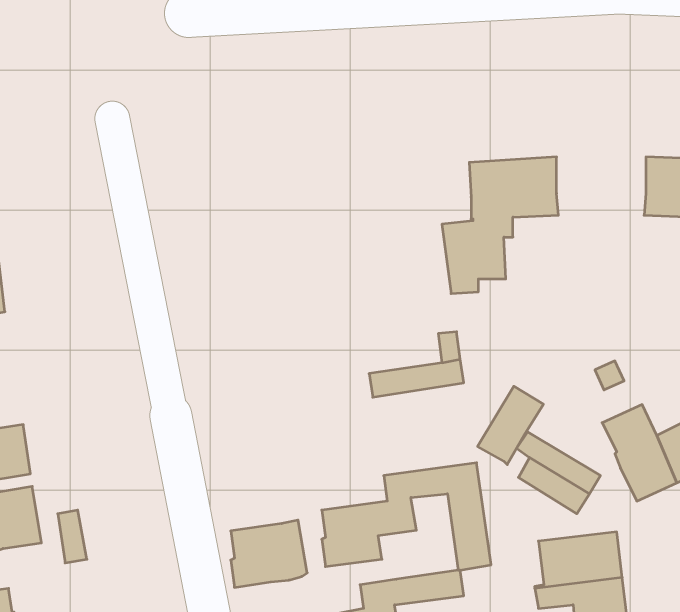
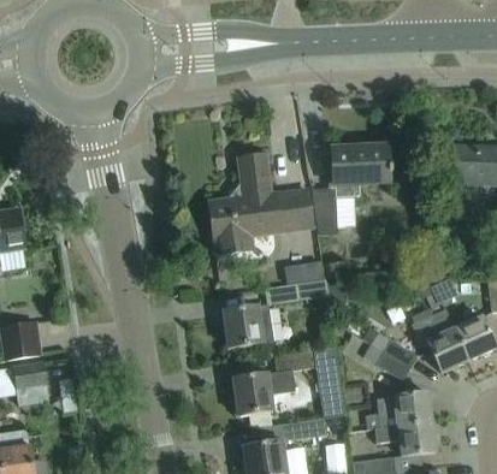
building: none -> [209,154,313,253]
building: [478,386,543,465] -> none
building: [231,520,307,587] -> [224,303,274,348]

